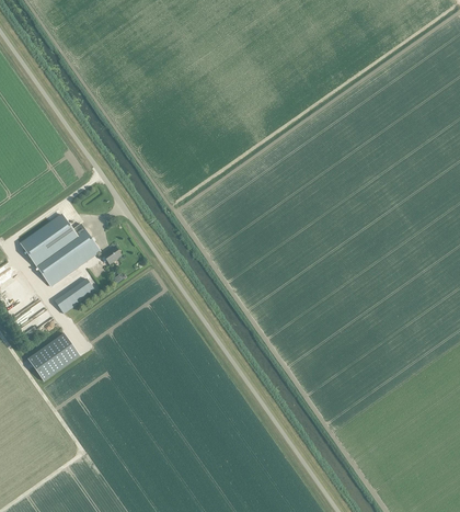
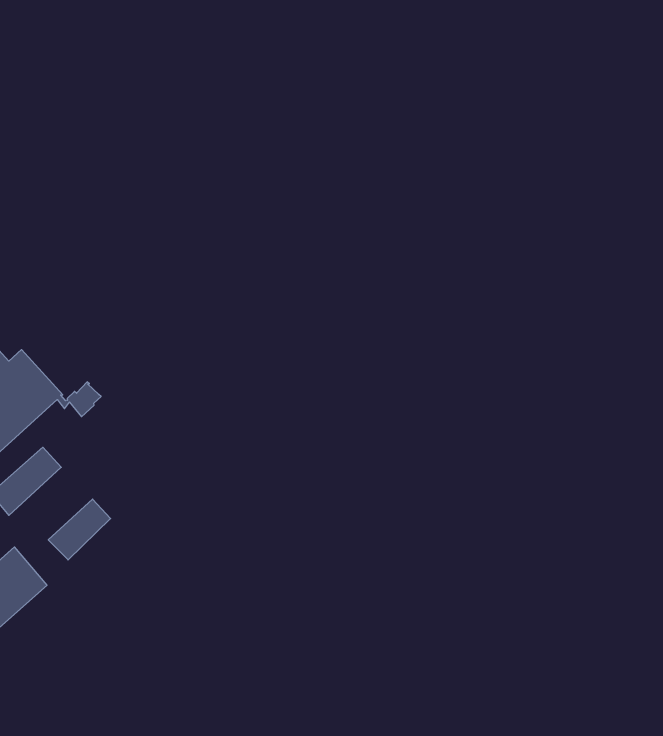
building: none -> [48,499,111,560]

